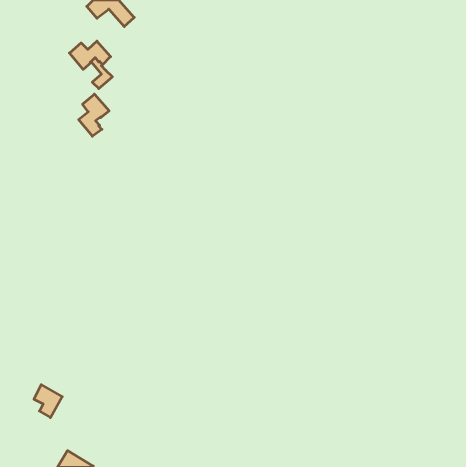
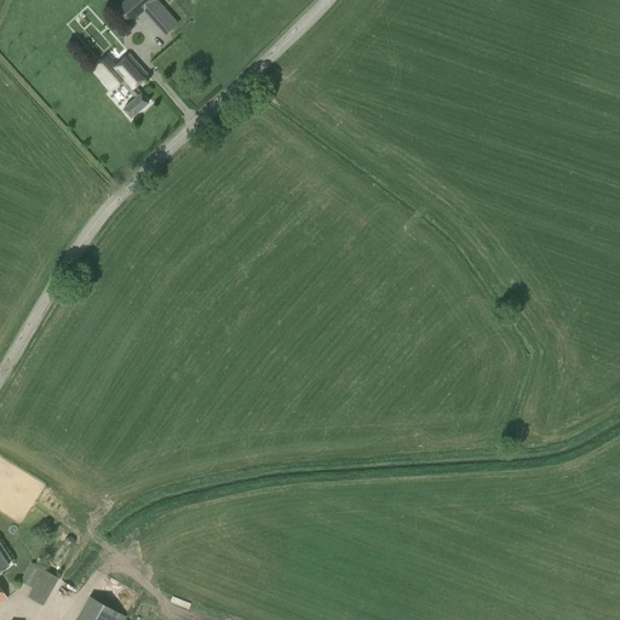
building: [79,94,109,136] -> none
building: [34,385,62,418] -> [22,562,59,605]

